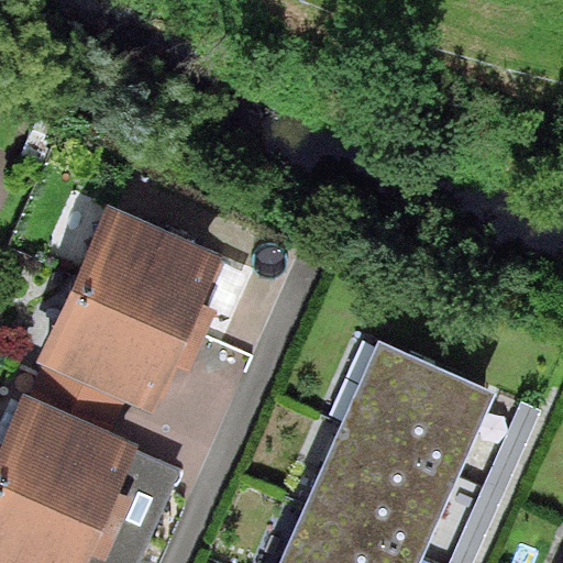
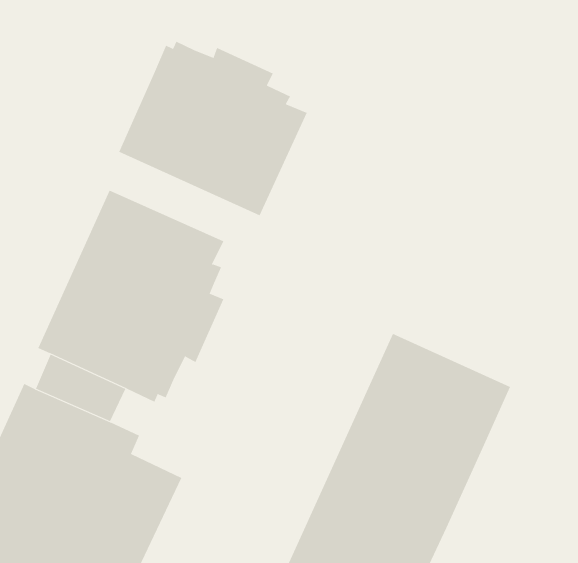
building: none -> [118,41,308,216]

